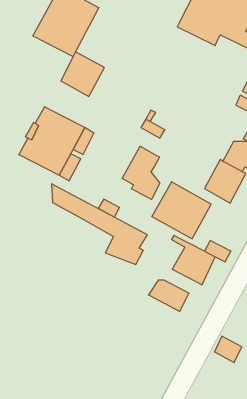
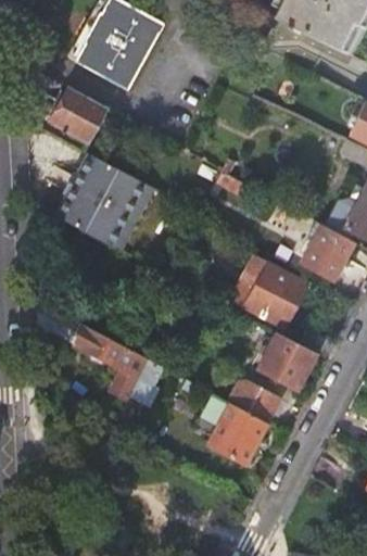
building: [61,52,104,97] -> [49,87,106,146]
building: [122,146,160,199] -> none
building: [52,184,147,265] -> [37,301,163,407]
building: none -> [200,394,267,466]

